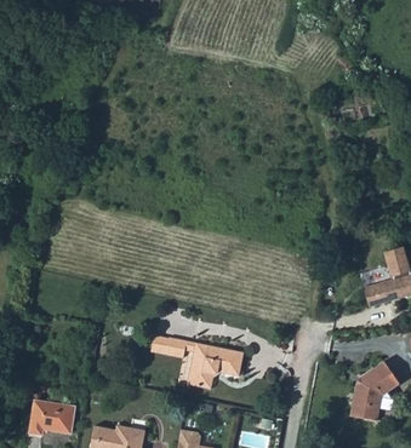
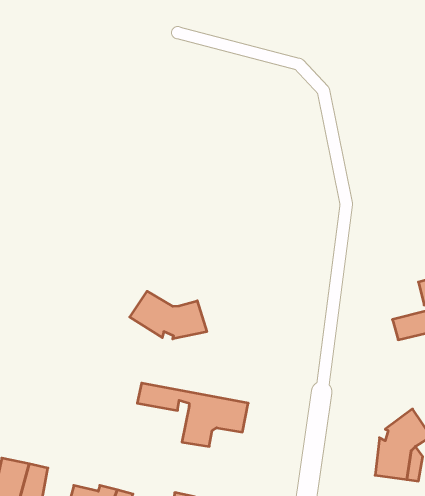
building: none -> [130,291,207,339]

